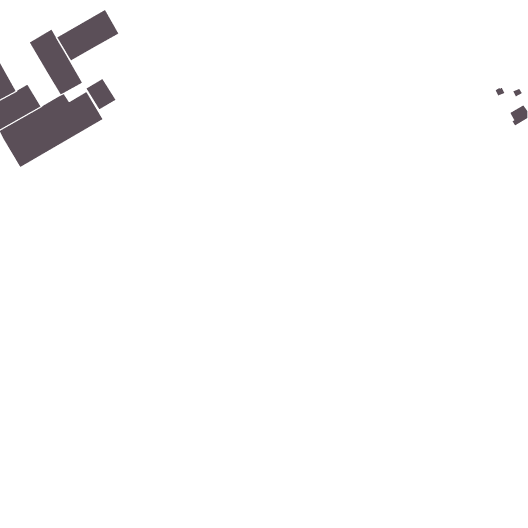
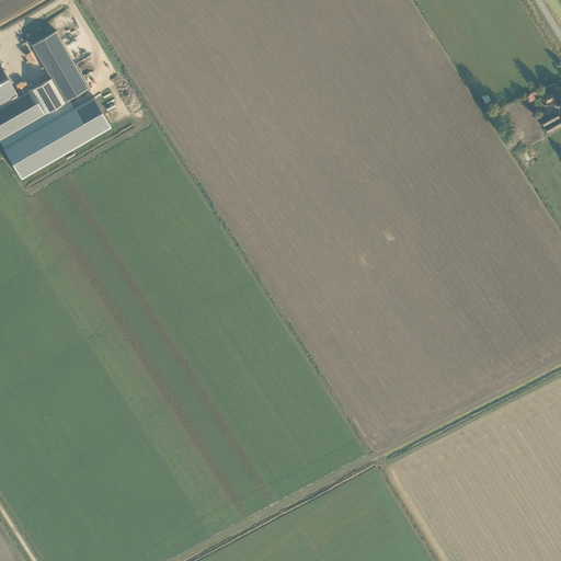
building: [57,9,119,61] -> none
building: [85,78,116,110] -> [31,79,64,113]

